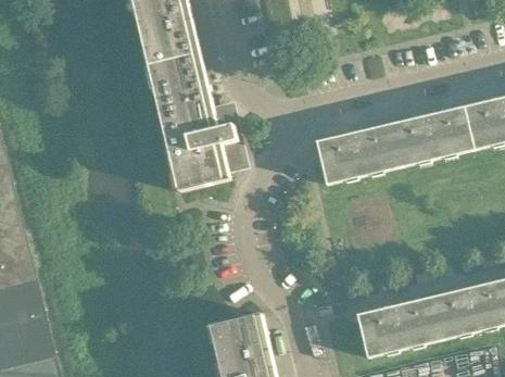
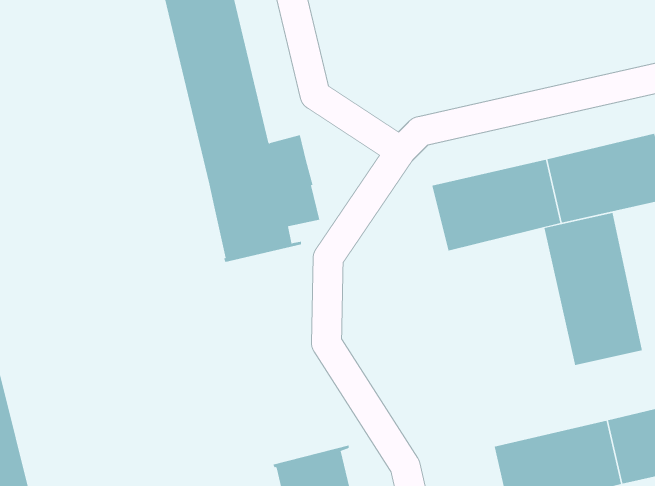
building: none -> [544,212,642,366]

